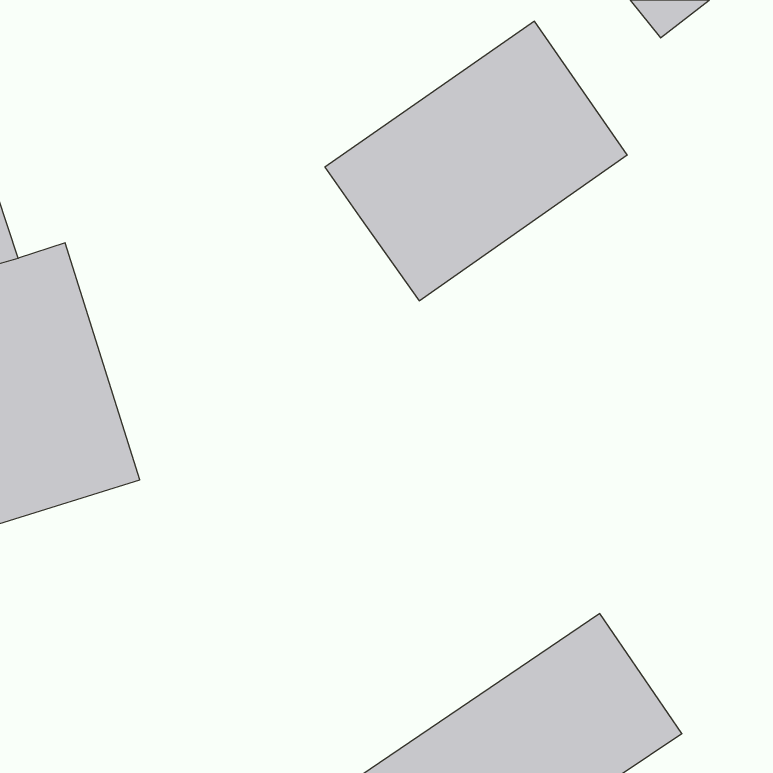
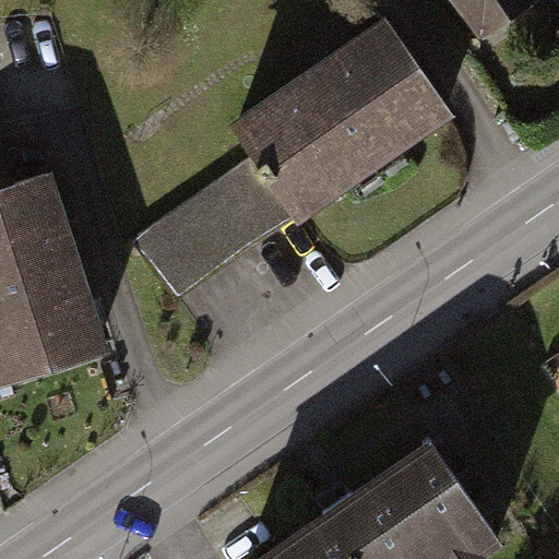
building: none -> [135,158,301,300]

